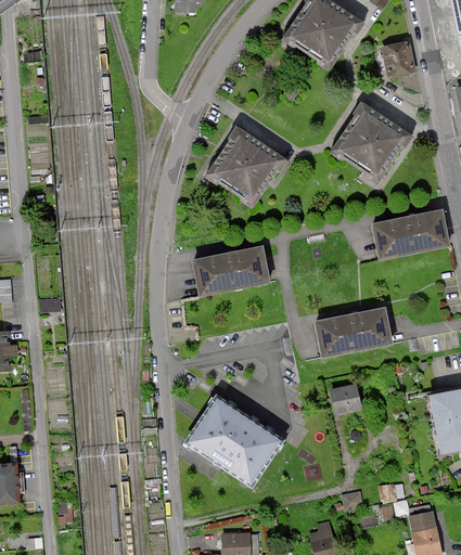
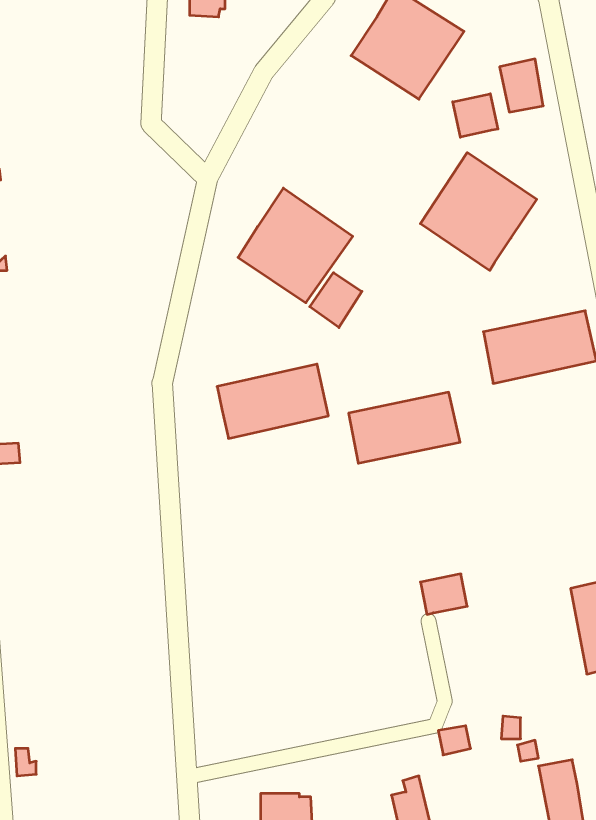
building: none -> [453,94,498,137]
building: none -> [310,273,362,328]
building: [316,308,390,356] -> [349,392,460,463]
building: [189,399,281,485] -> none

